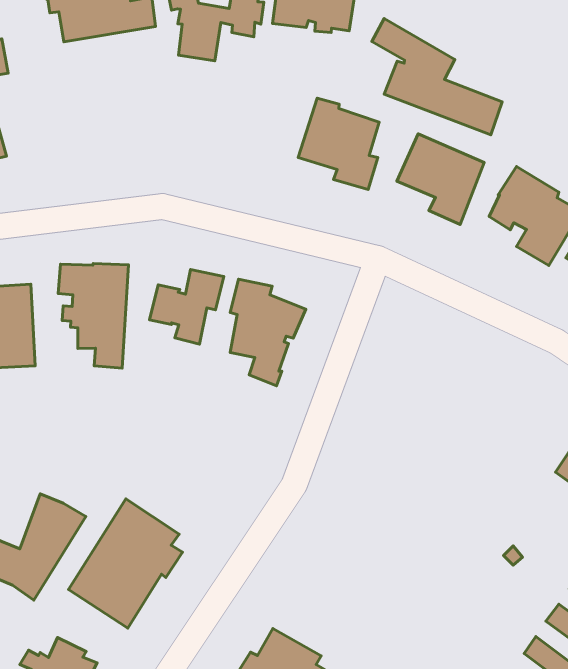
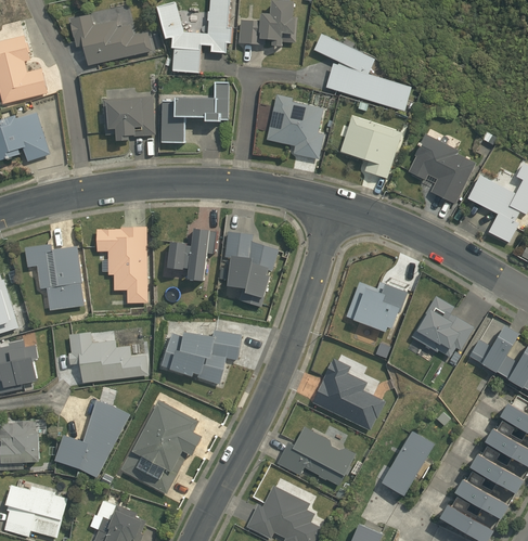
building: none -> [160,81,229,142]
building: none -> [102,96,155,140]
building: none -> [346,282,405,331]
building: none -> [411,296,473,357]
building: none -> [67,331,147,382]
building: none -> [159,330,241,384]
building: none -> [310,357,386,430]
building: none -> [276,425,355,485]
building: none -> [383,429,436,493]

